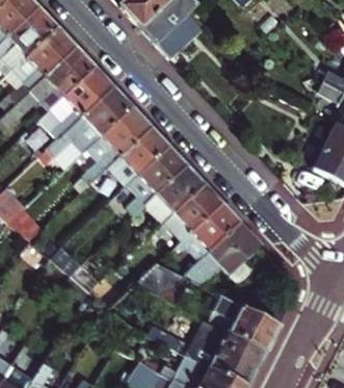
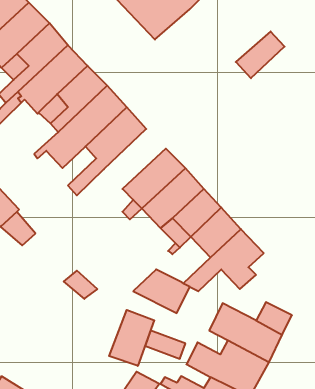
building: [157,14,204,58] -> [236,31,285,78]
building: [108,128,167,185] -> none
building: none -> [109,310,154,366]

